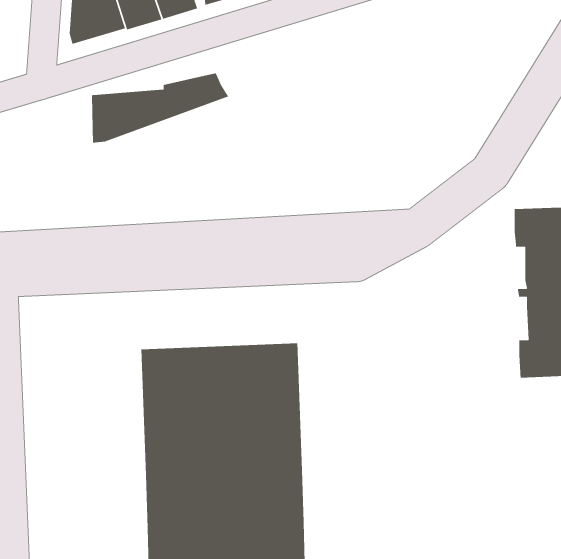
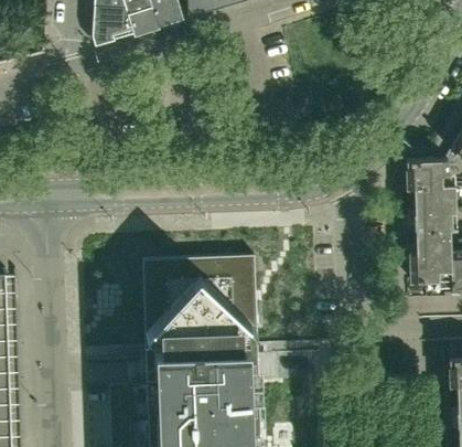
building: [89,72,229,144] -> none

